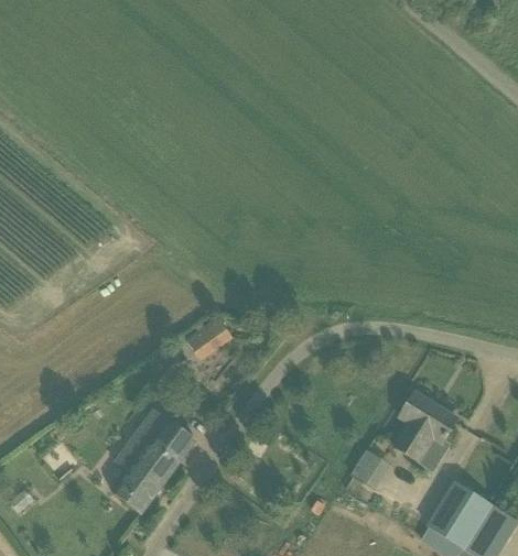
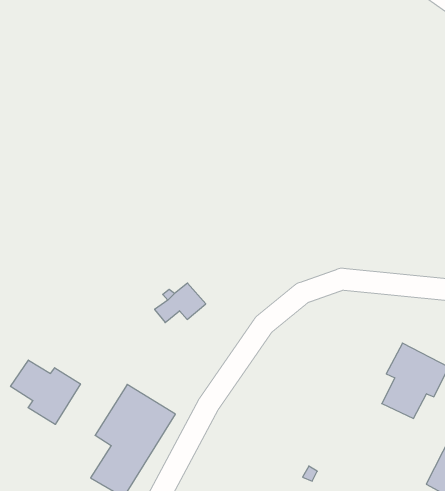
building: none -> [11,360,80,424]
building: [355,450,391,484] -> none

